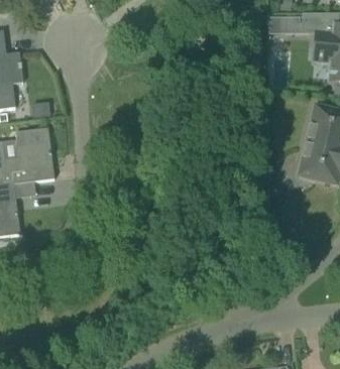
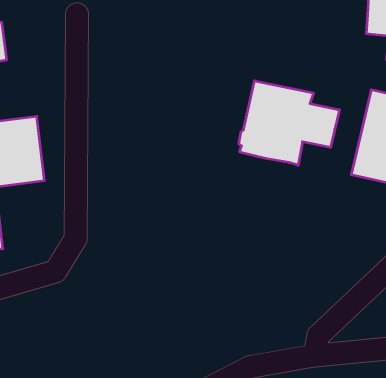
building: none -> [239,81,339,165]

